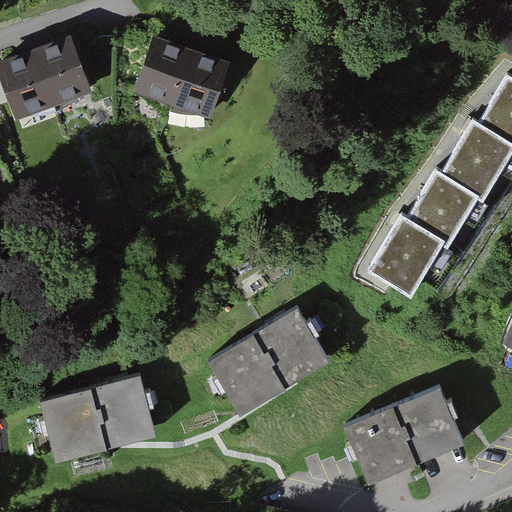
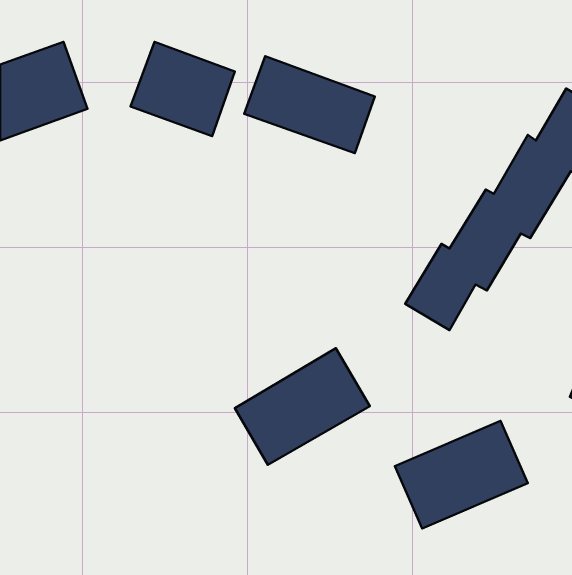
building: none -> [244,56,375,153]
building: [45,378,162,462] -> none

